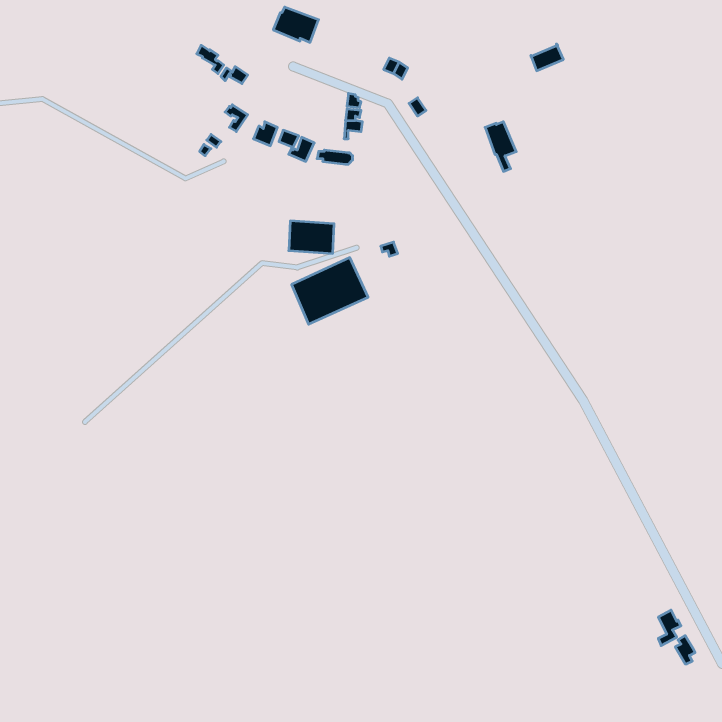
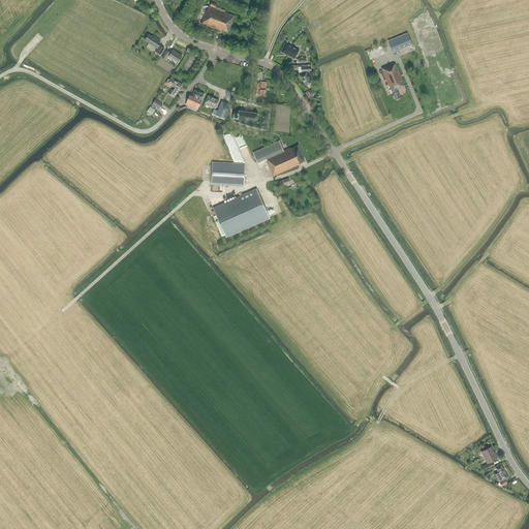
building: [485,122,516,171] -> [381,63,404,99]
building: none -> [252,139,304,176]

